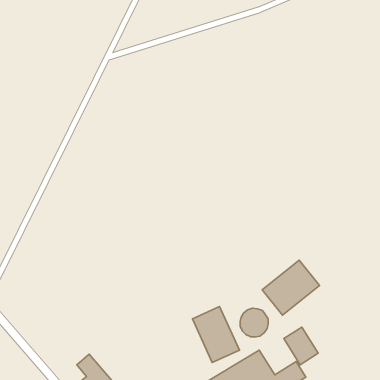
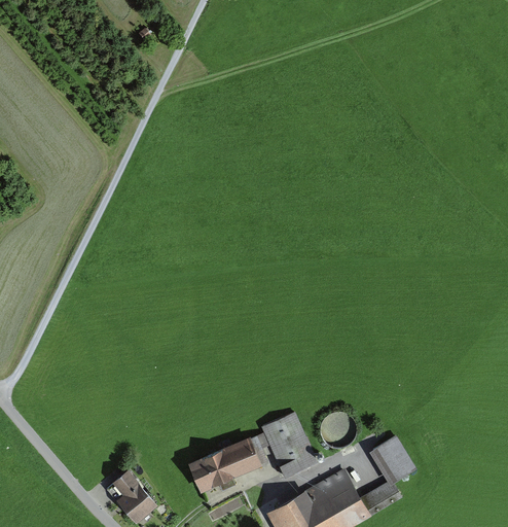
building: [262,260,319,315] -> none
building: none -> [188,437,263,492]

